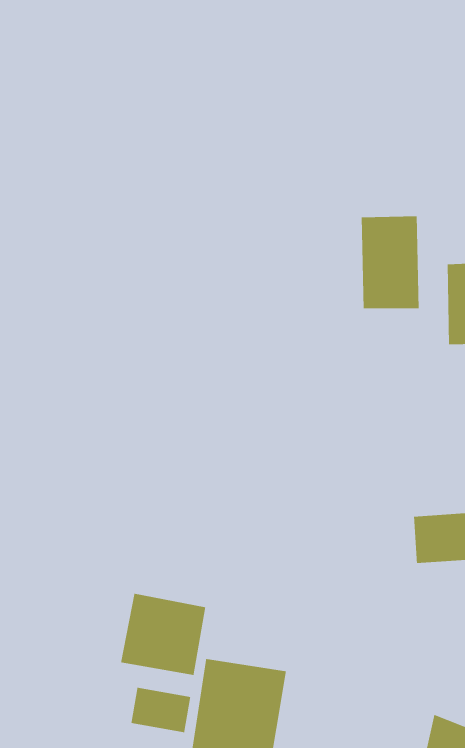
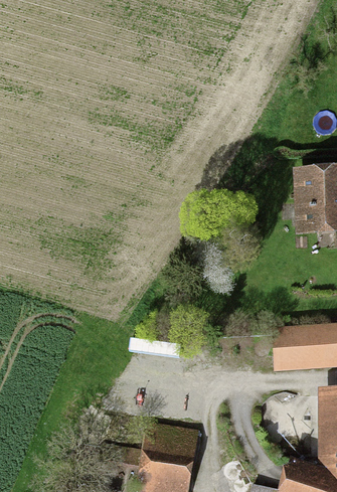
building: [361,216,420,309] -> none
building: [120,593,206,676] -> none

